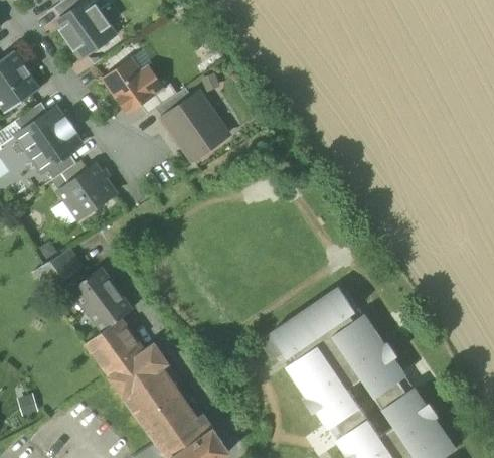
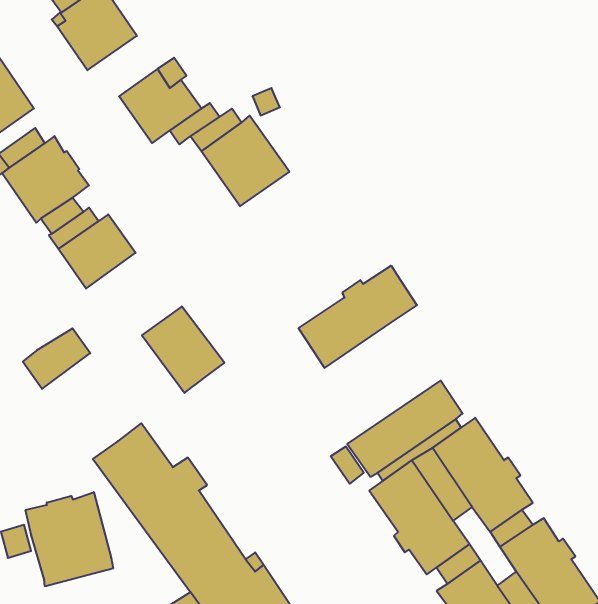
building: none -> [299,266,417,368]
building: [71,268,132,331] -> [142,306,224,393]
building: none -> [26,492,113,586]

